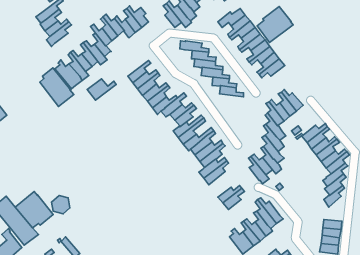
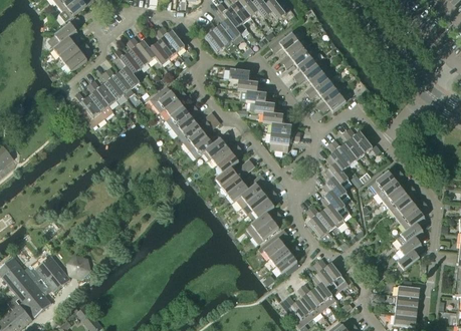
building: [257,6,293,43] -> none
building: [40,68,74,106] -> none
building: [87,79,116,100] -> [150,85,185,111]
building: none -> [269,132,300,151]
building: none -> [258,229,289,258]

